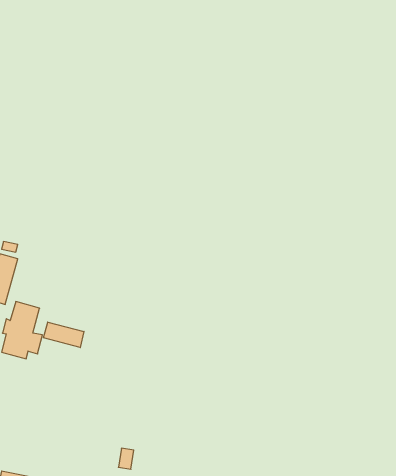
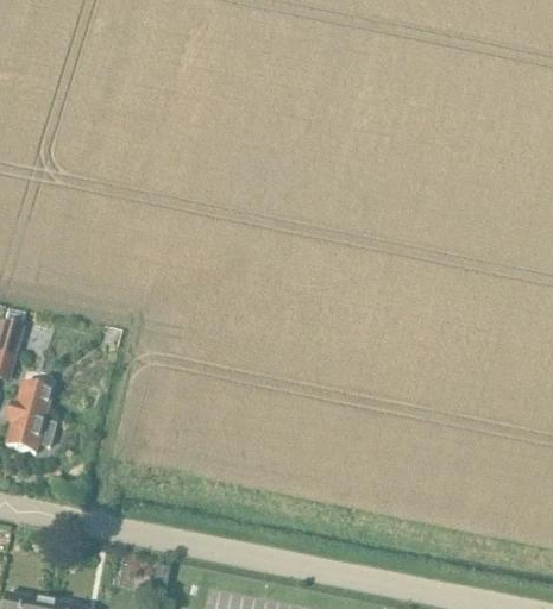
building: [43,322,84,348] -> none

